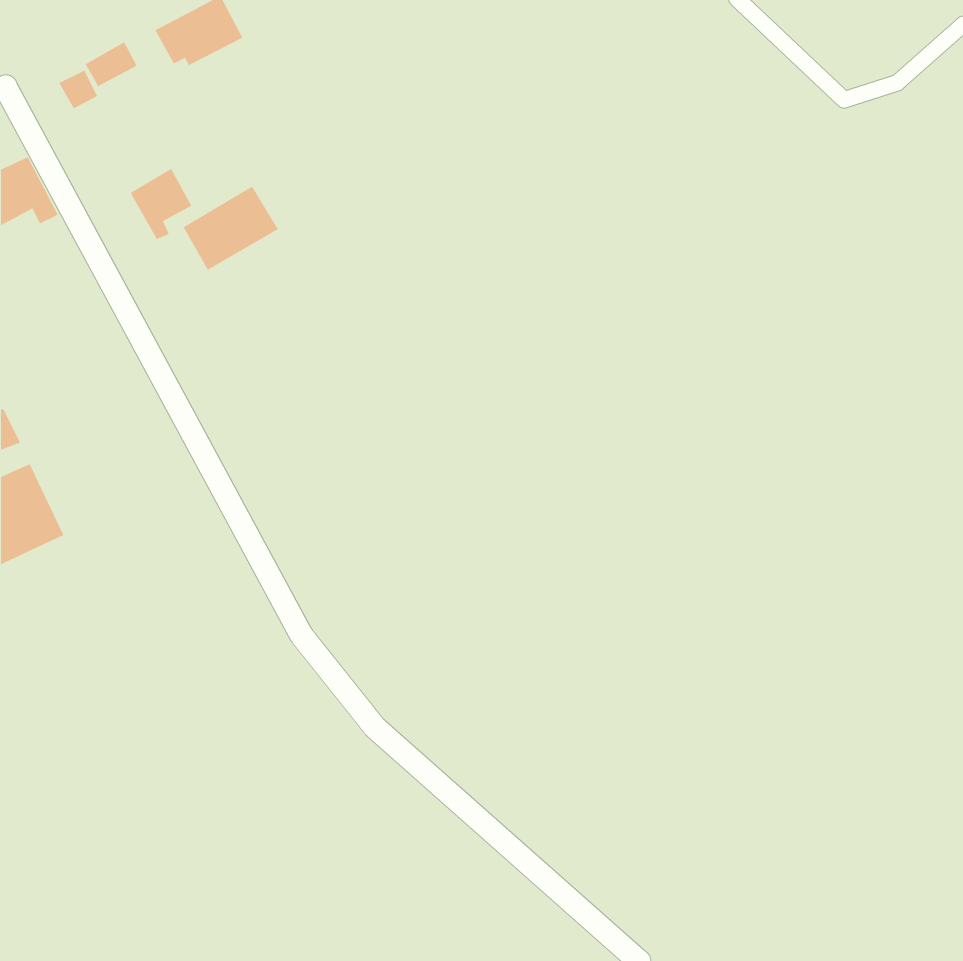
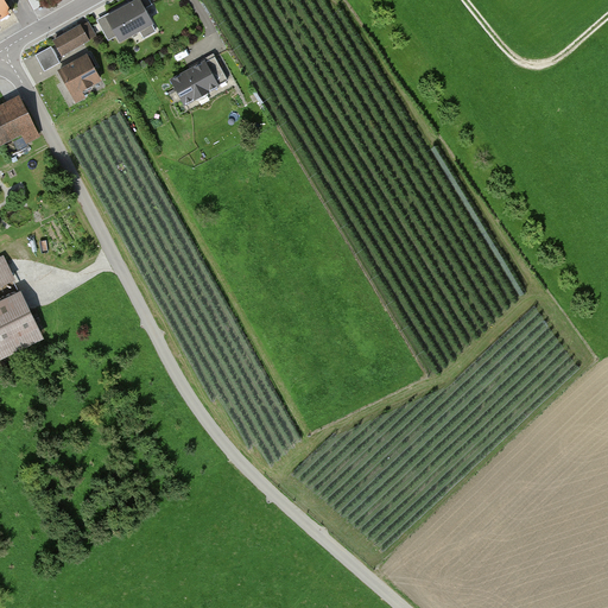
building: [130,168,192,240] -> [61,57,100,102]
building: [183,186,279,271] -> [170,52,230,106]

